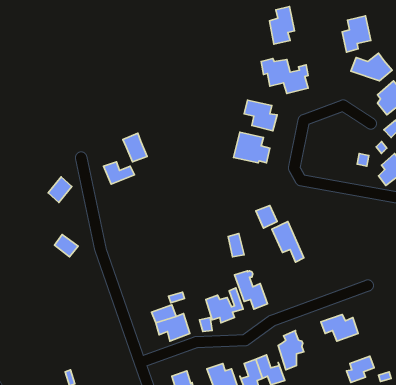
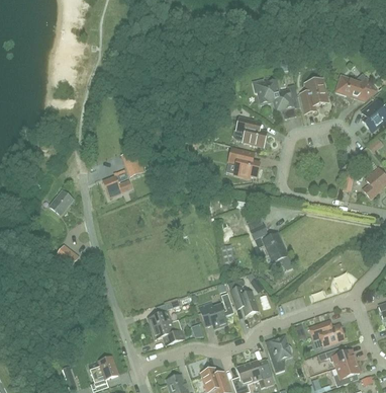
building: [270,7,294,44] -> none
building: [342,16,371,52] -> [300,78,327,112]
building: none -> [317,346,355,367]
building: none -> [90,356,117,383]

